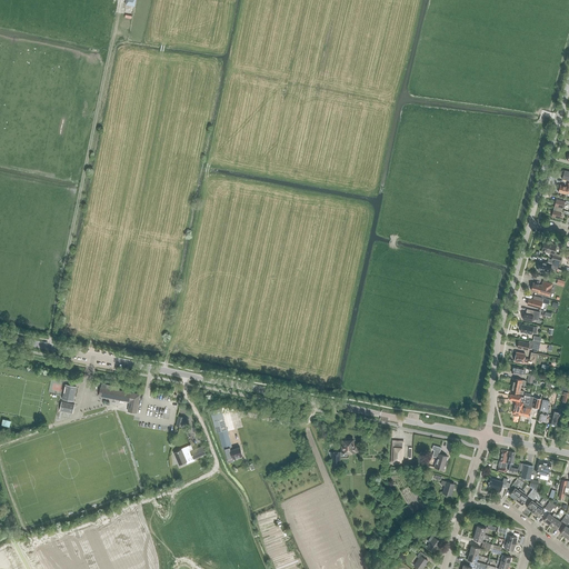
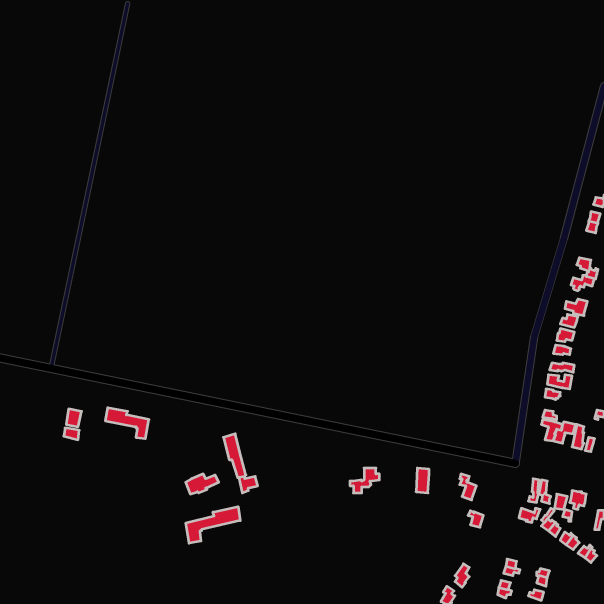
building: none -> [186,507,240,543]

